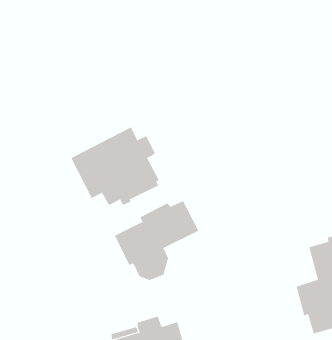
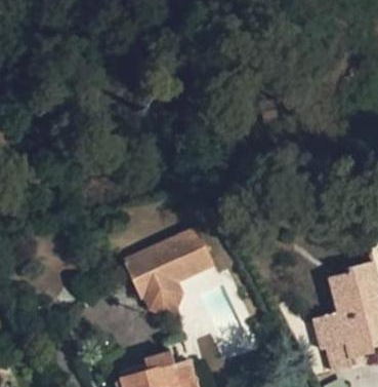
building: [70,127,160,206] -> none

